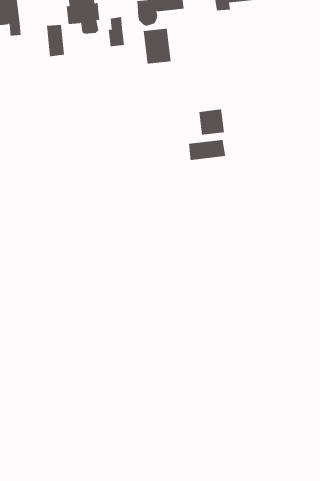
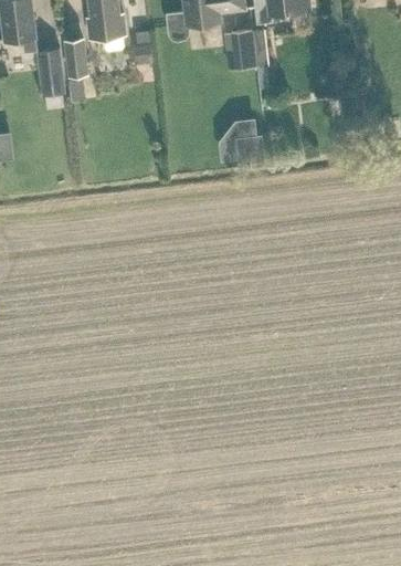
building: [143,28,171,64] -> [224,28,256,69]
building: none -> [36,48,65,95]
building: [188,139,226,161] -> none

